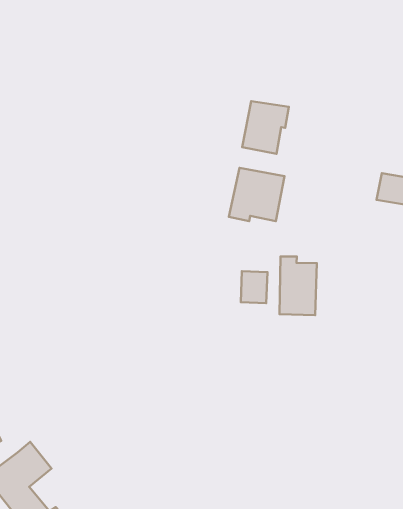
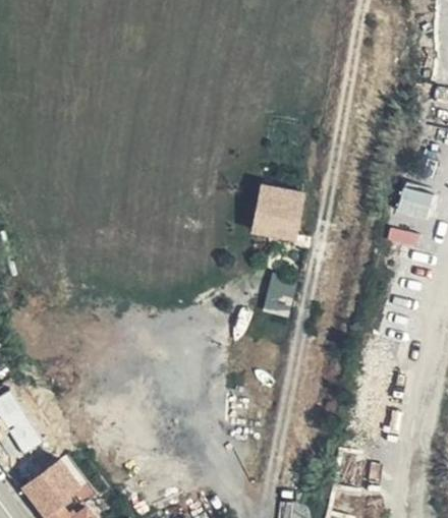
building: [242,101,289,154] -> none
building: [280,257,317,315] -> none

